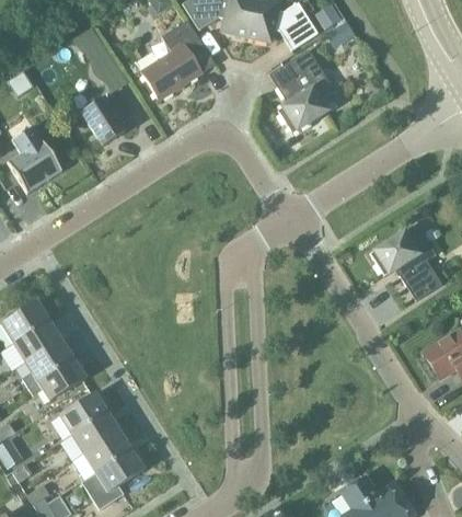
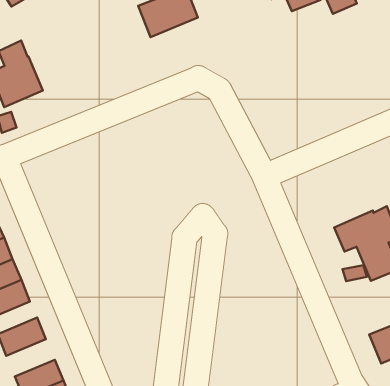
building: [278,49,335,131] -> none
building: [82,89,134,143] -> none
building: [71,411,119,452] -> none

